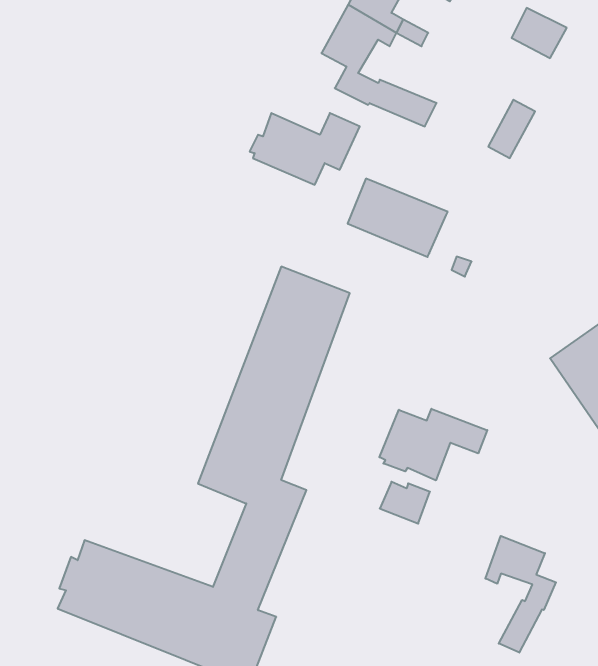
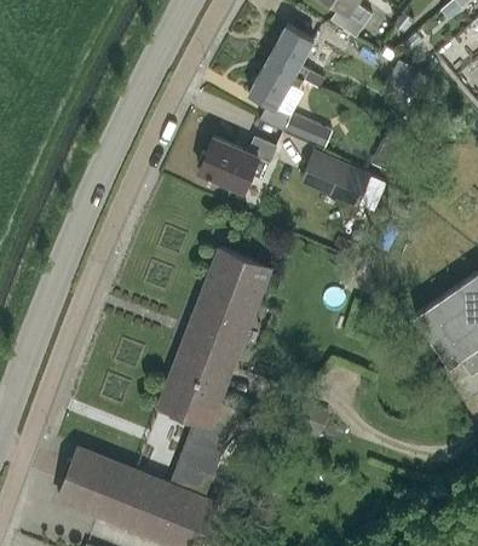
building: [348,179,448,257] -> [300,150,373,207]
building: [379,409,487,480] -> none
building: [485,536,556,653] -> none

